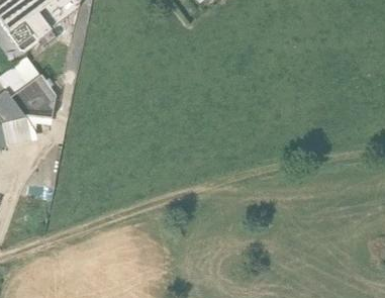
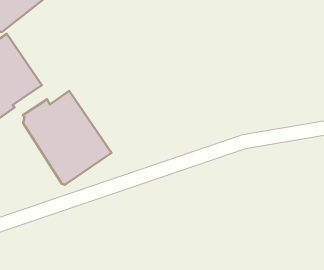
building: none -> [23,91,112,185]

